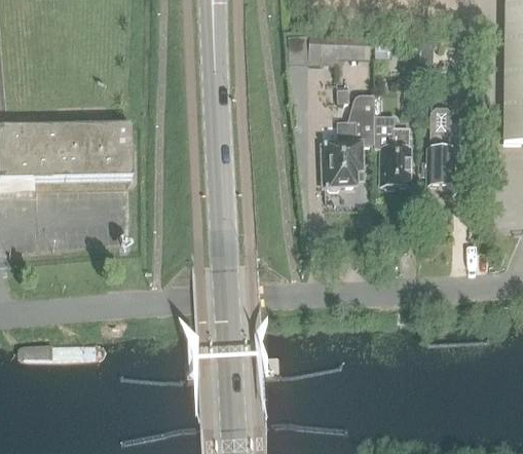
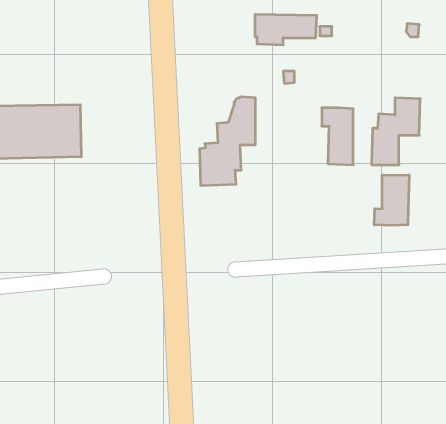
building: [319,94,375,184] -> [200,97,255,185]
building: none -> [374,175,409,225]

